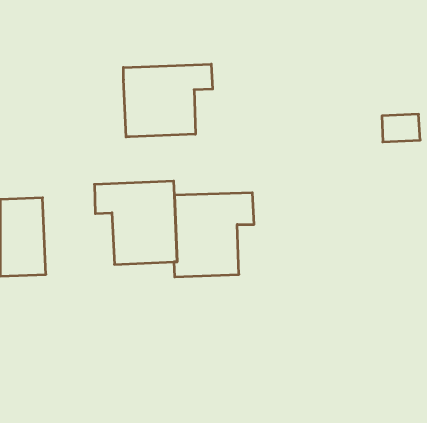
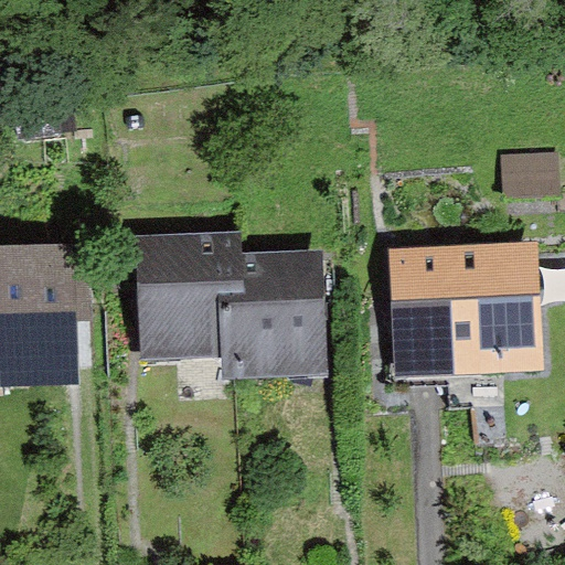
building: [123,64,213,137] -> none
building: none -> [399,249,531,363]

